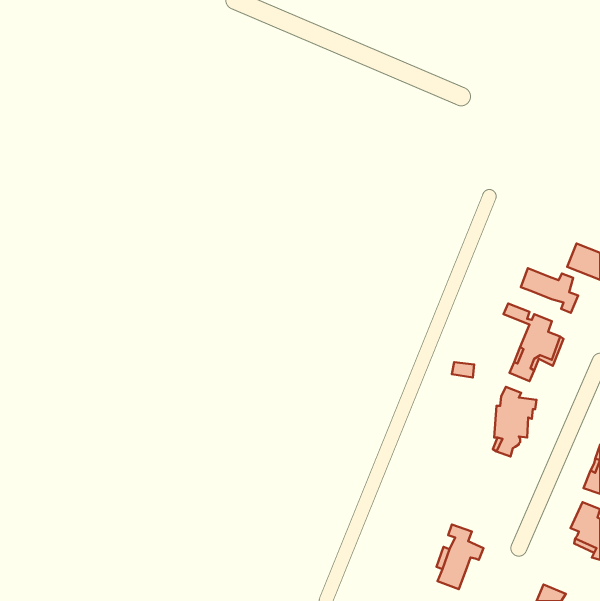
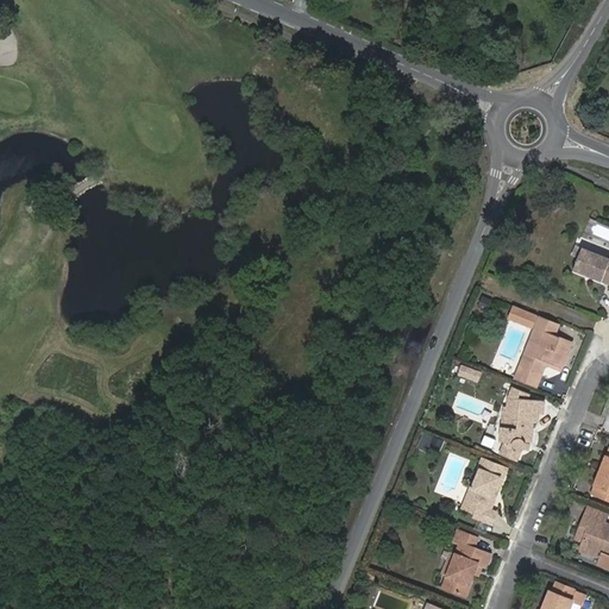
building: [521,268,578,313] -> none
building: none -> [463,460,507,526]

